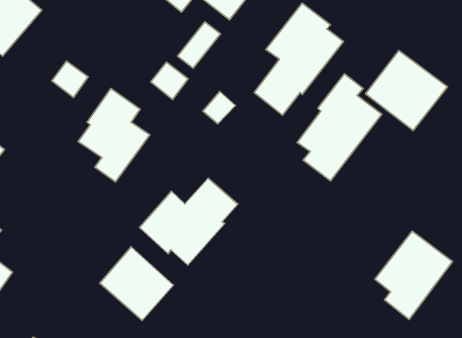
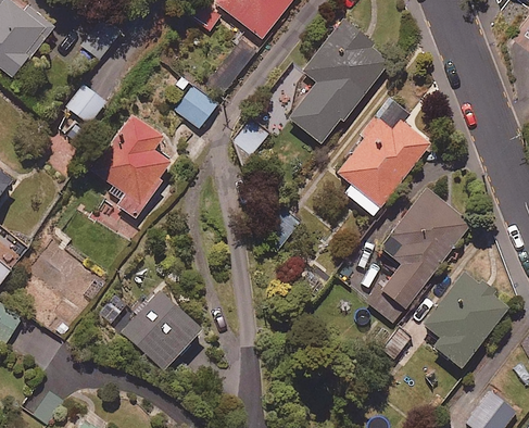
building: [366,50,447,131] -> none
building: none -> [366,188,470,322]
building: [140,178,238,265] -> none

